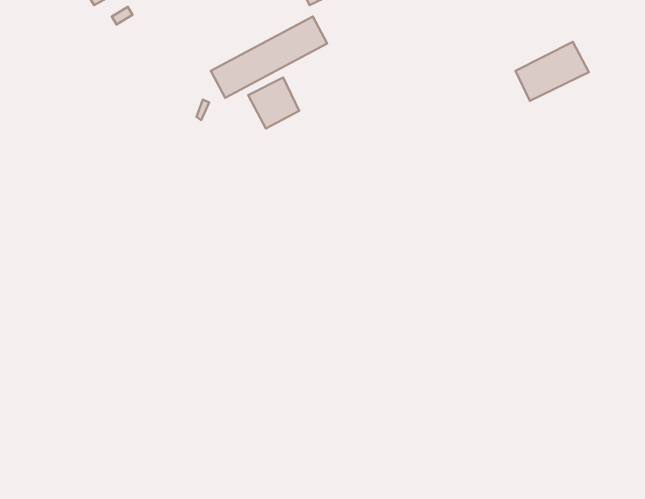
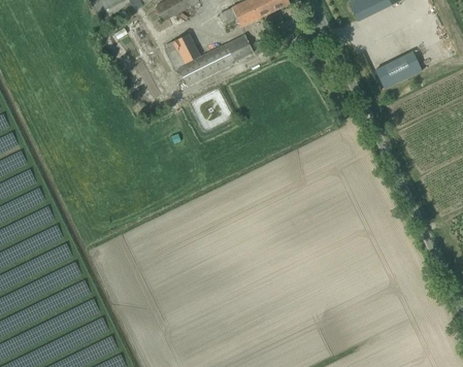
building: [248,77,299,129] -> [166,33,199,66]

